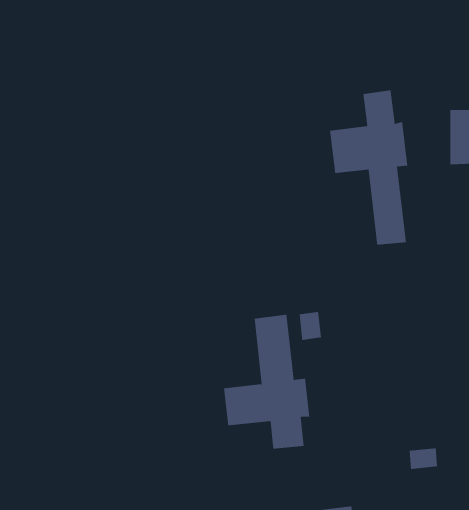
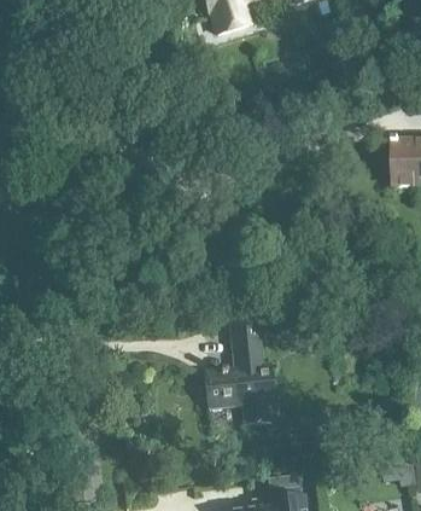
building: [330,90,408,246] -> none

